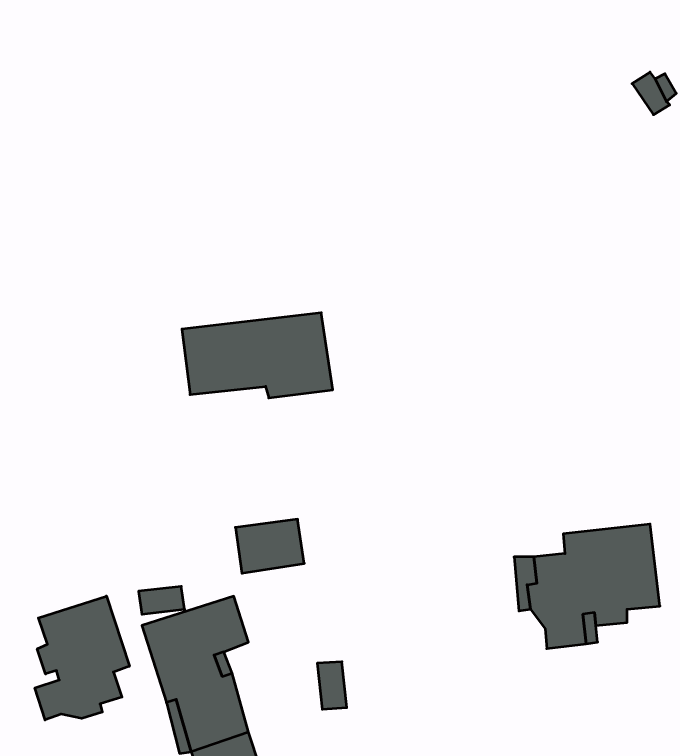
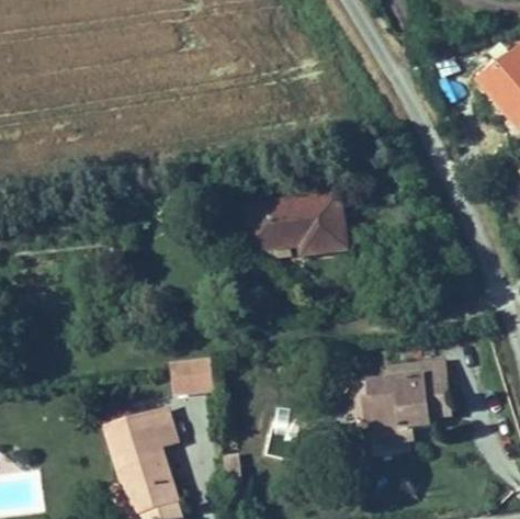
building: [182,313,333,398] -> [246,195,347,252]
building: [35,596,129,720] -> none

